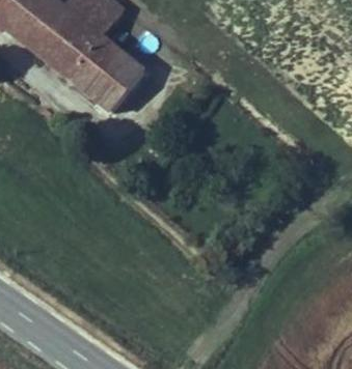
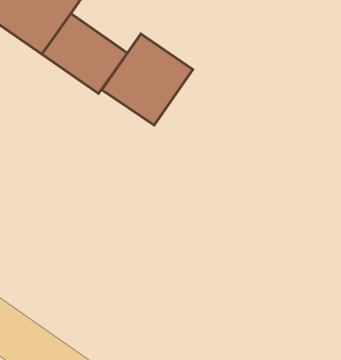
building: none -> [102,34,193,125]

